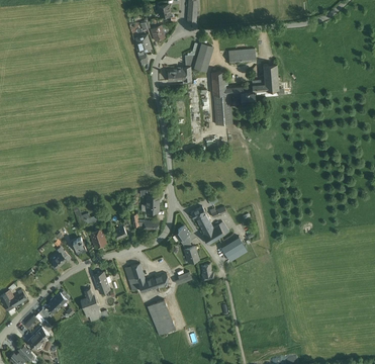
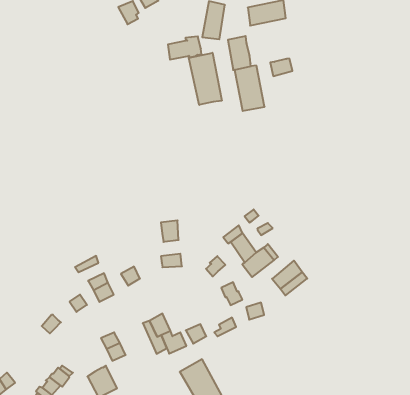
building: [263,64,280,90] -> none
building: none -> [189,53,222,105]

